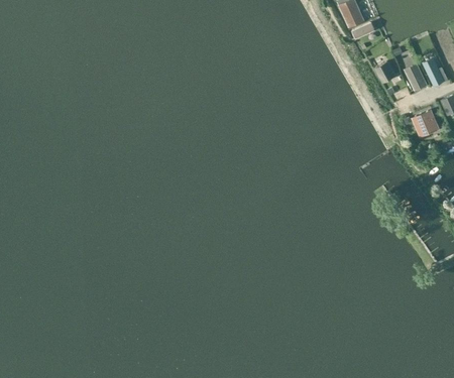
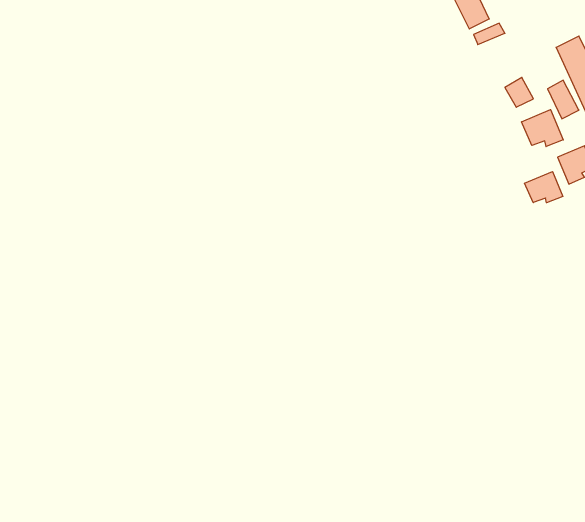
building: none -> [522,110,563,147]
building: none -> [525,172,563,203]

